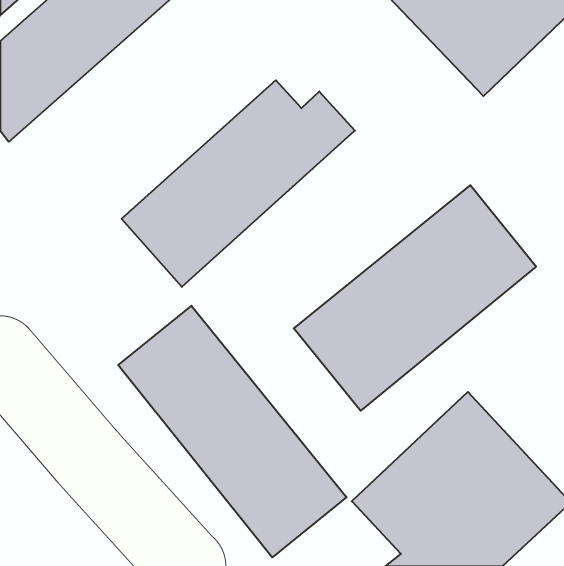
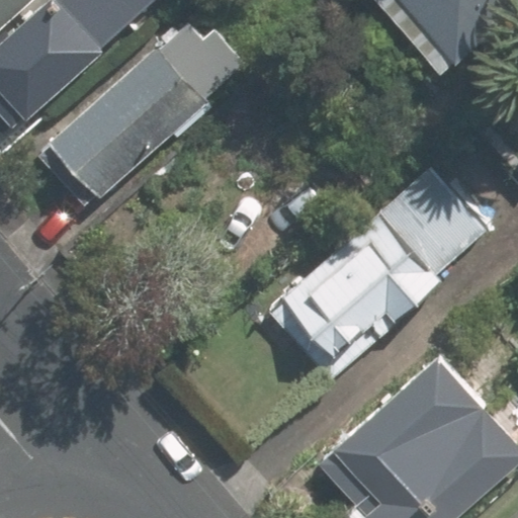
building: [122,80,355,287] -> [41,17,253,204]
building: [118,306,347,557] -> none

